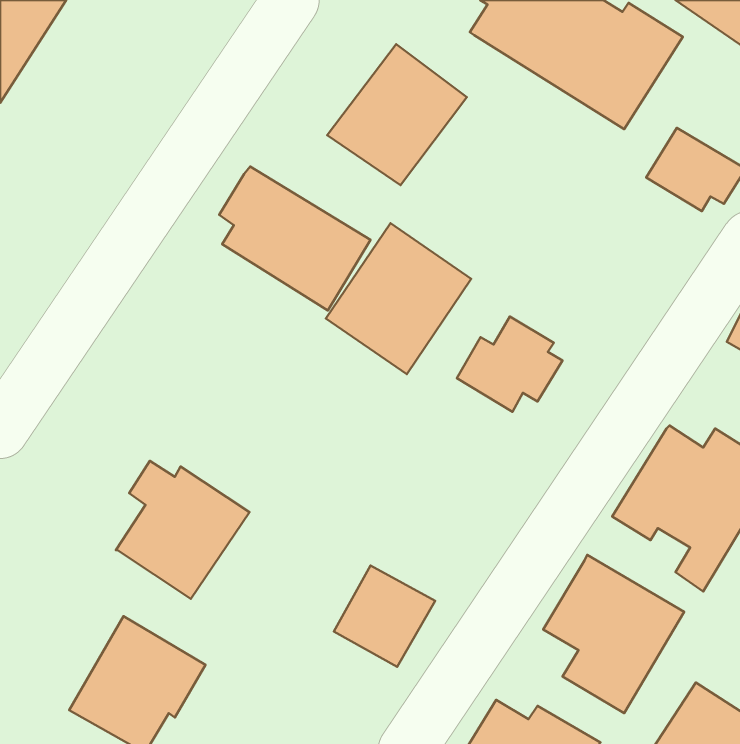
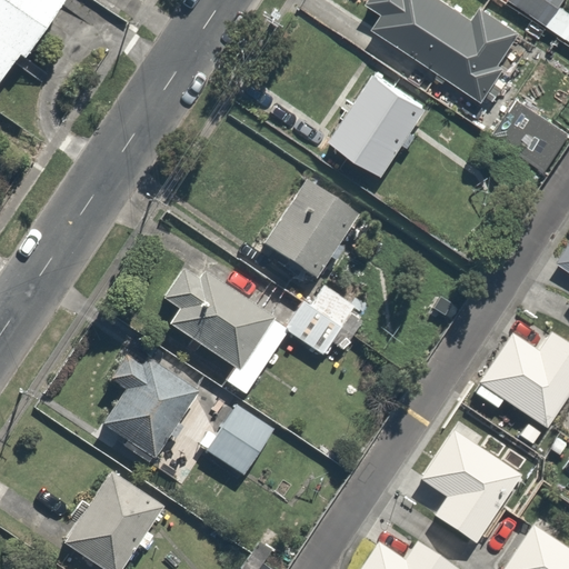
building: [327,44,467,185] -> [326,68,431,174]
building: [219,167,370,310] -> [156,261,270,370]
building: [457,316,563,412] -> [286,286,366,358]
building: [334,566,435,667] -> [203,401,280,478]

